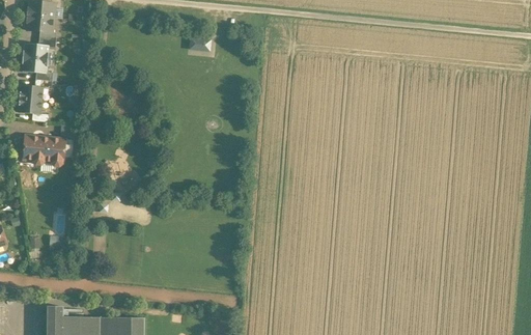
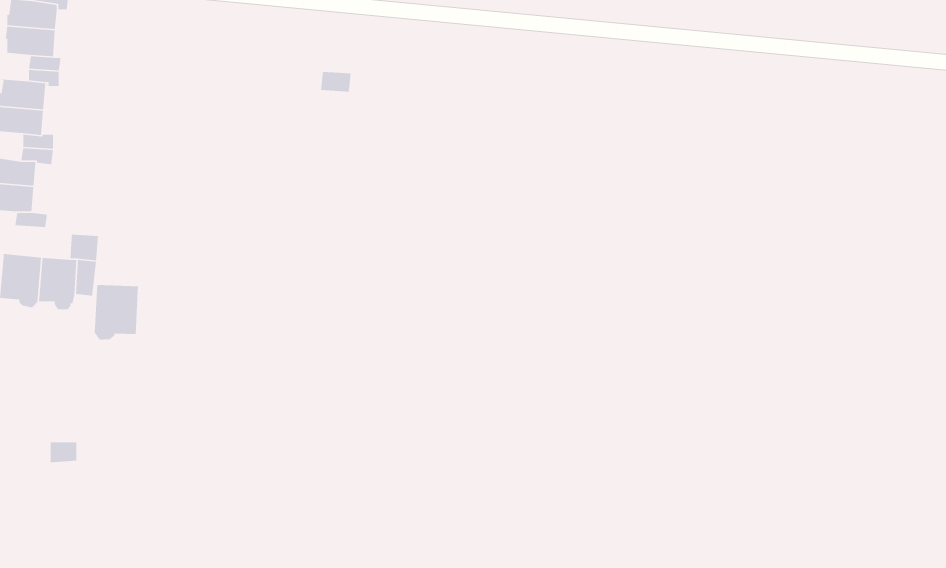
building: none -> [94,284,139,340]

